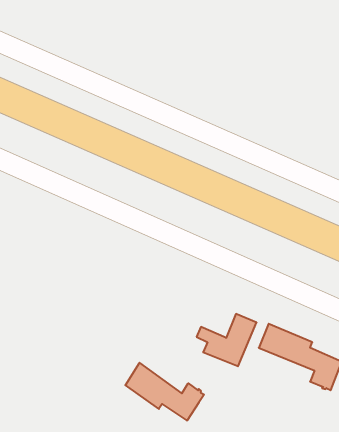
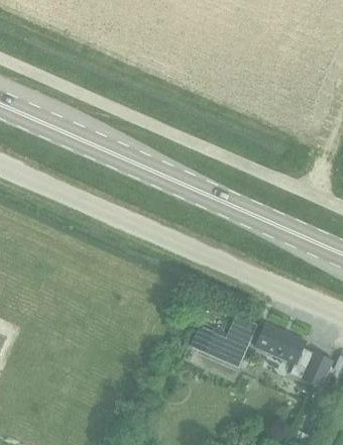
building: [125,363,204,421] -> none

